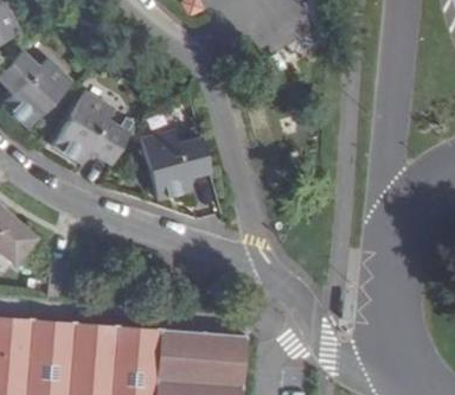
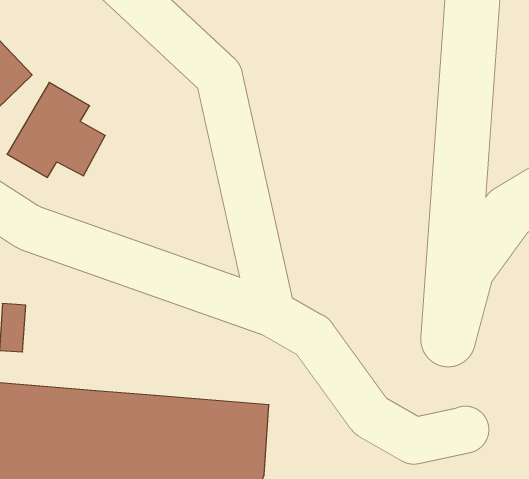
building: [140,129,210,199] -> none

